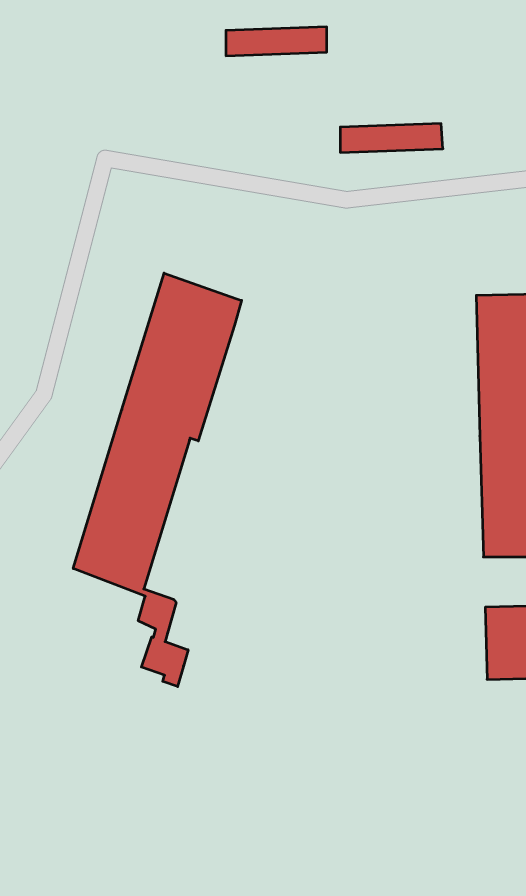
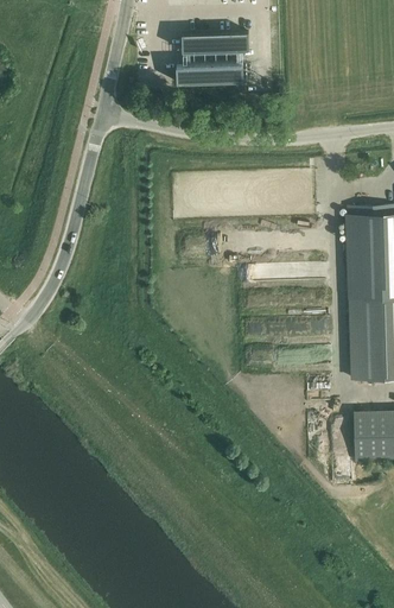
building: [340,124,443,152] -> [177,63,244,82]
building: [73,273,242,687] -> none

